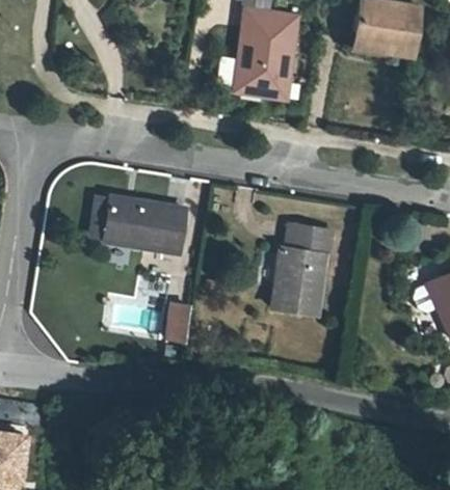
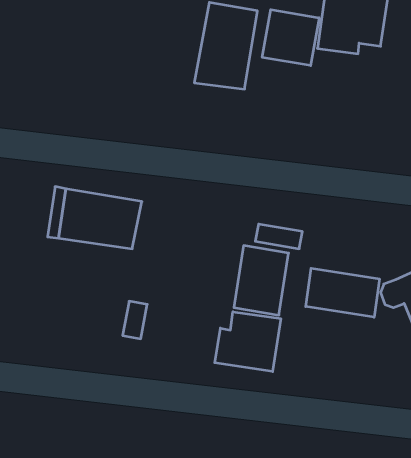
building: none -> [262,10,319,66]
building: none -> [306,268,379,317]
building: none -> [215,312,281,372]

